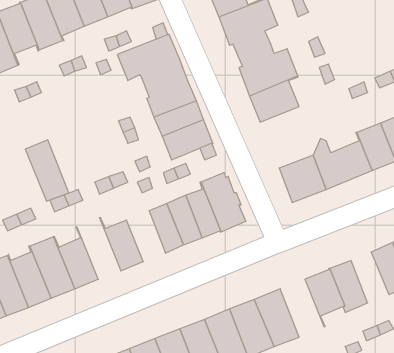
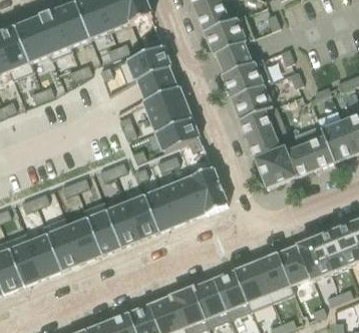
building: none -> [239,106,290,158]
building: [25,140,69,201] -> [83,201,120,253]
building: none -> [125,195,158,238]
building: none -> [316,230,348,273]
building: none -> [256,253,293,302]

